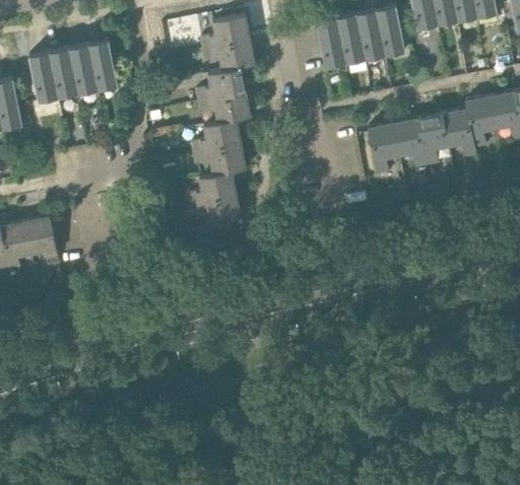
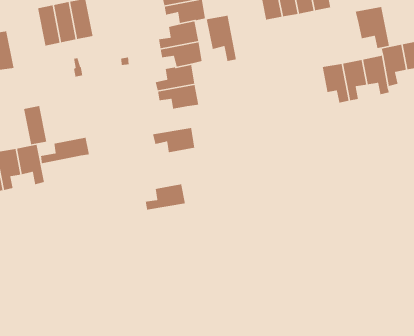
building: none -> [355,6,390,49]
building: [29,52,59,101] -> none
building: none -> [206,15,237,62]
building: [368,123,400,175] -> none
building: none -> [23,105,47,145]
building: [187,171,237,204] -> [145,184,186,210]
building: none -> [40,137,90,164]

